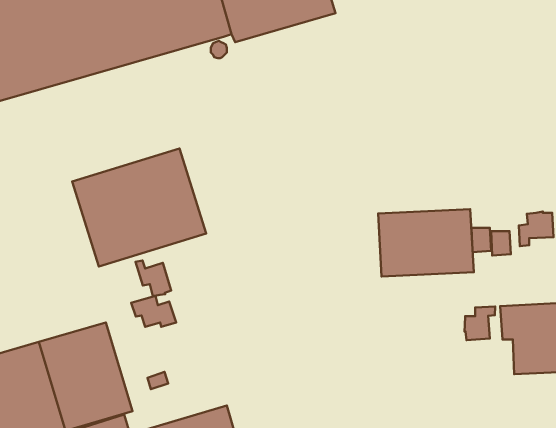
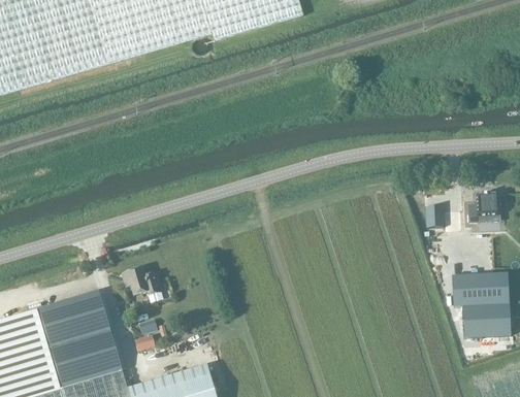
building: [72,148,206,266] -> none
building: [378,209,474,277] -> none
building: [135,261,171,296] -> none
building: [465,306,495,340] -> none

